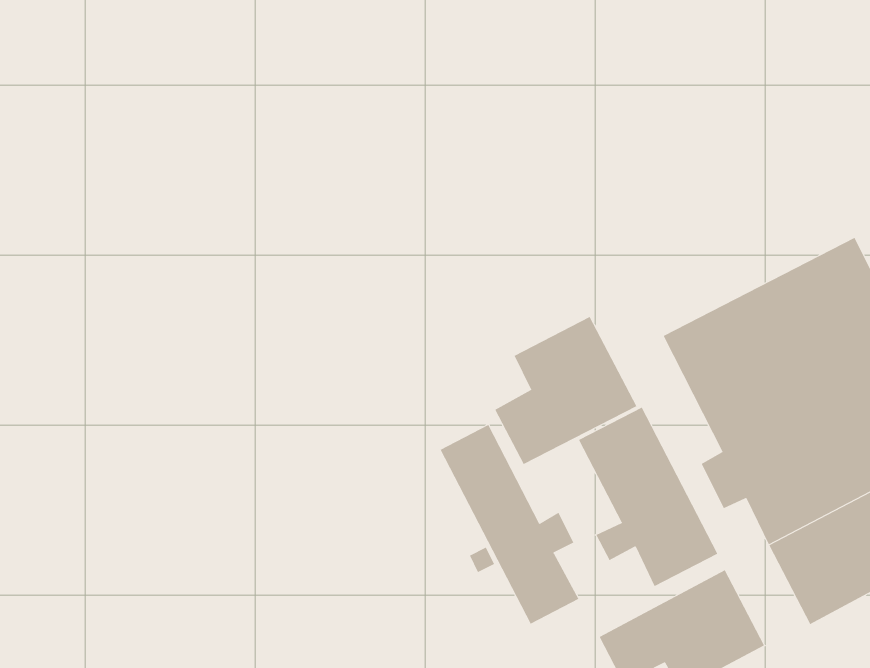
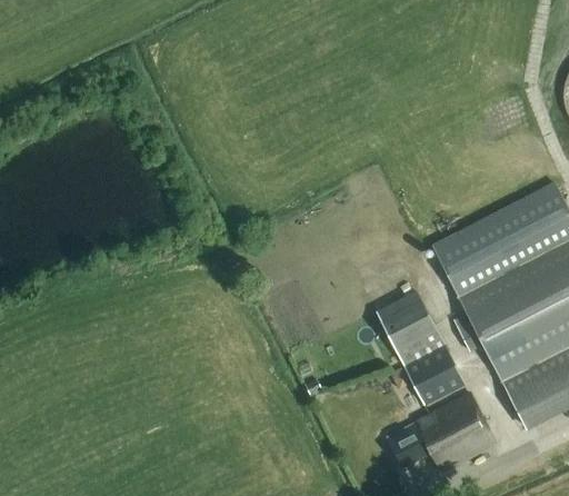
building: [494,316,637,465] -> none
building: [440,424,579,625] -> none

